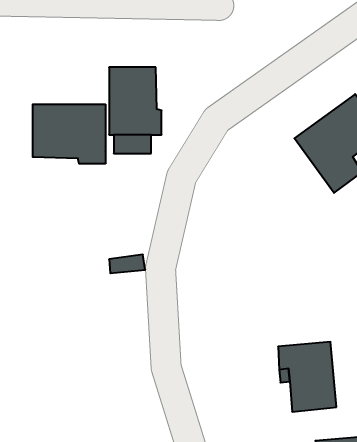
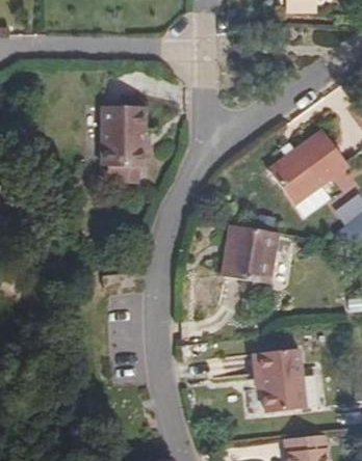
building: [33,104,105,164] -> none
building: none -> [219,225,276,282]

